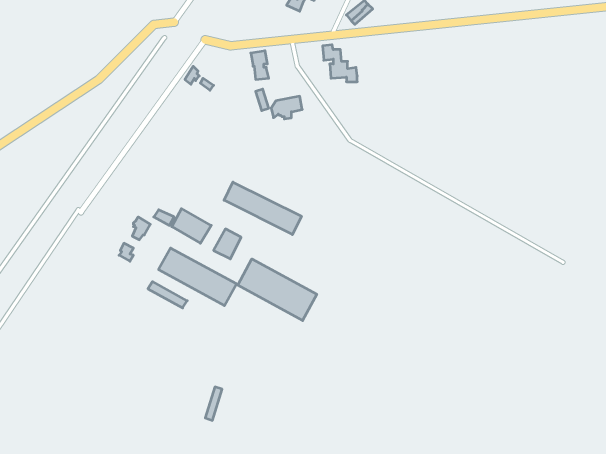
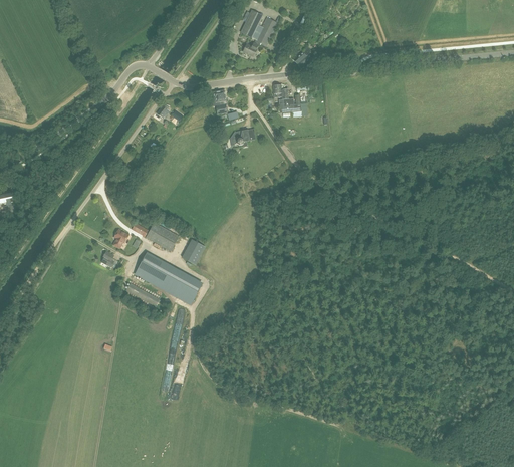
building: [224,182,301,235] -> none
building: [238,259,317,321] -> none

